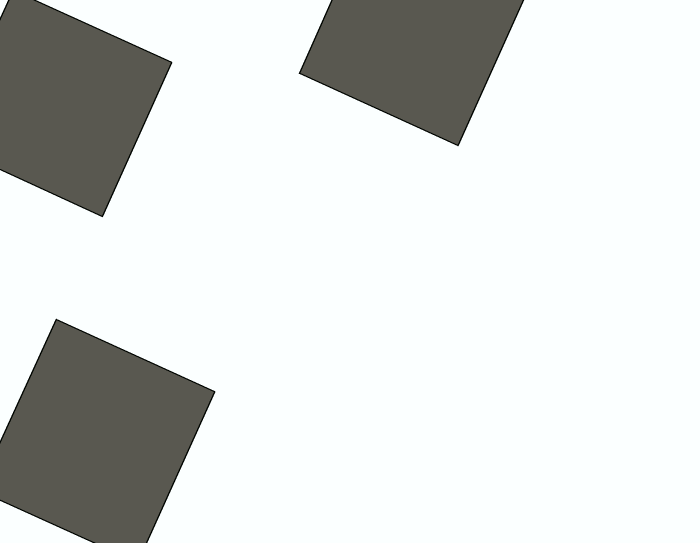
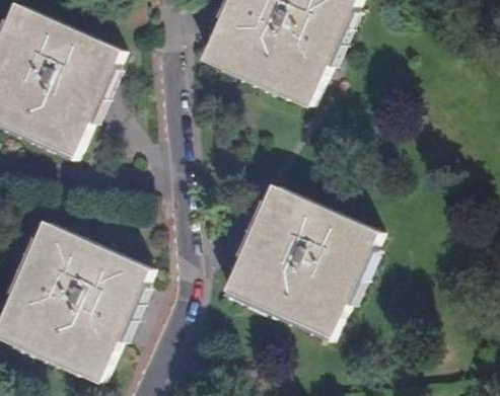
building: none -> [226,187,376,337]

